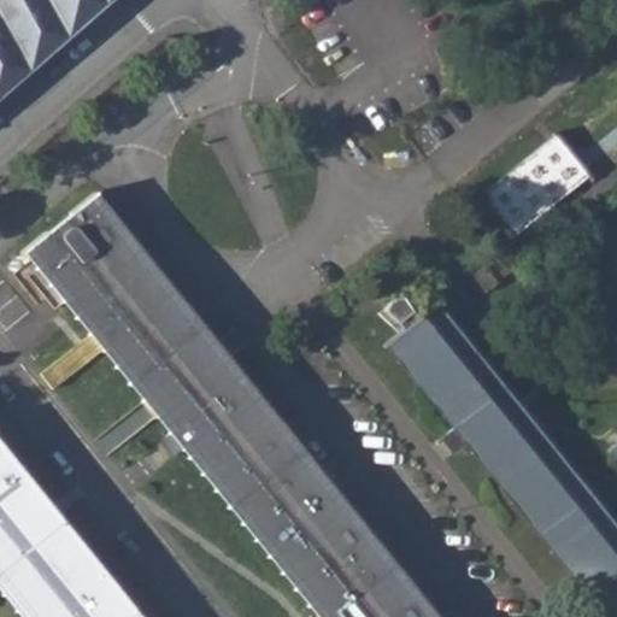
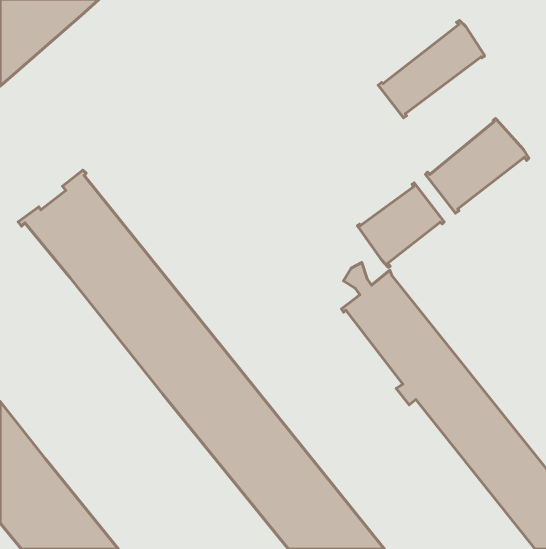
building: none -> [378,20,485,118]
building: none -> [357,183,444,267]

